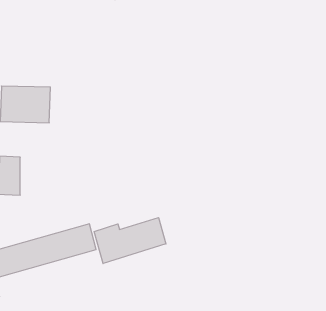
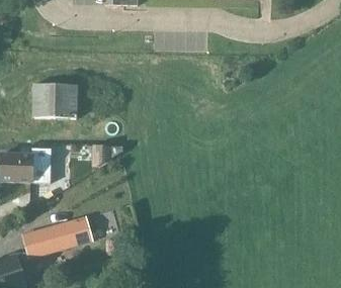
building: [94,218,166,264] -> none

